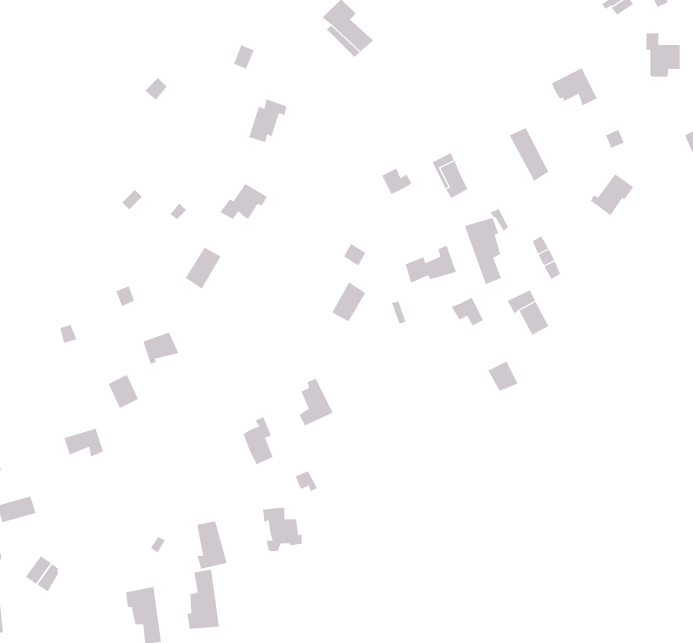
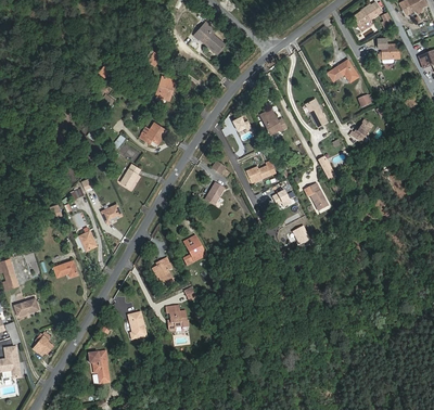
building: [464,217,502,285] -> none
building: [187,569,220,630] -> none

